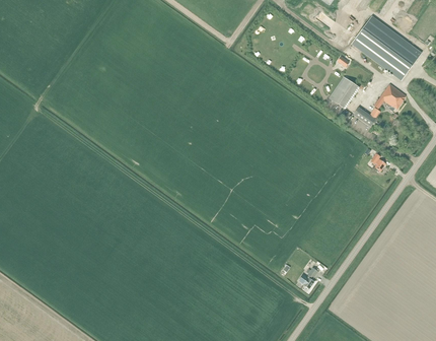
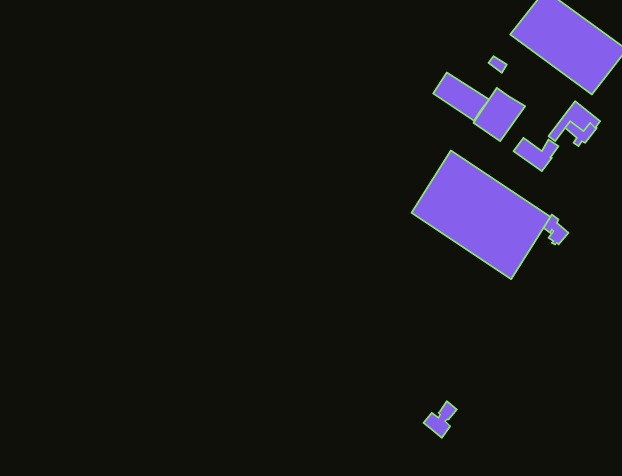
building: none -> [433,72,489,121]
building: none -> [412,150,551,279]

